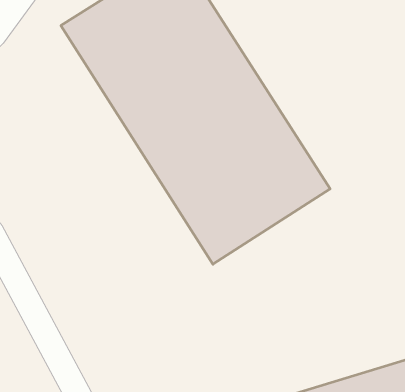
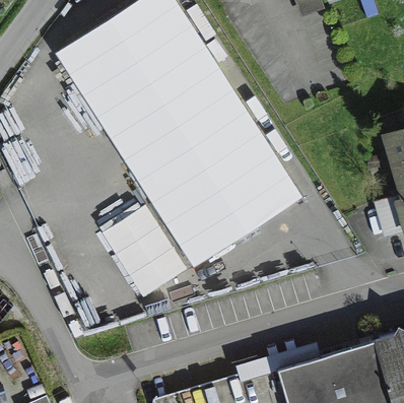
building: none -> [107,212,178,289]

